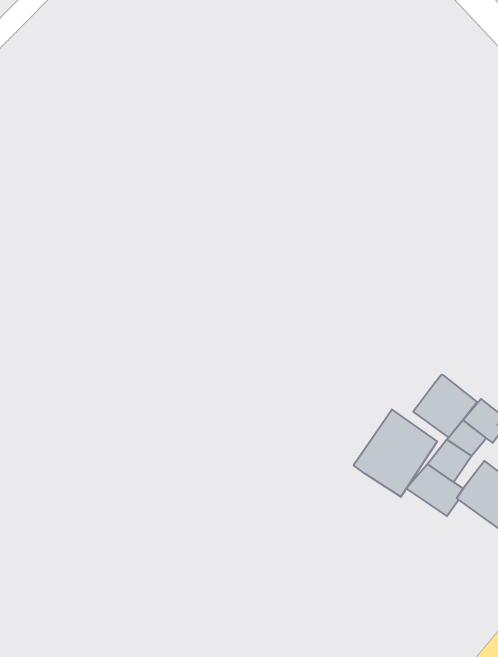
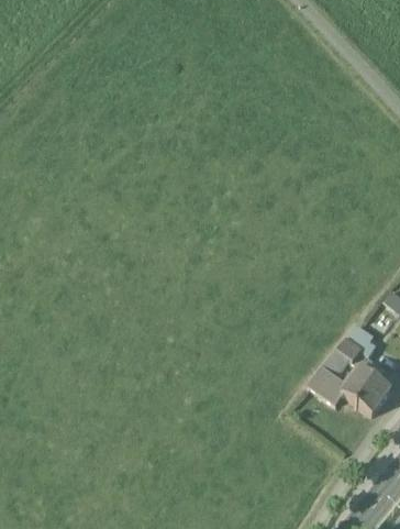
building: [413,375,477,438] -> none
building: [354,409,437,497] -> none

